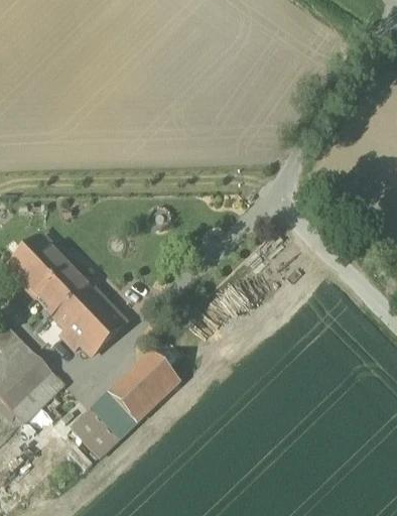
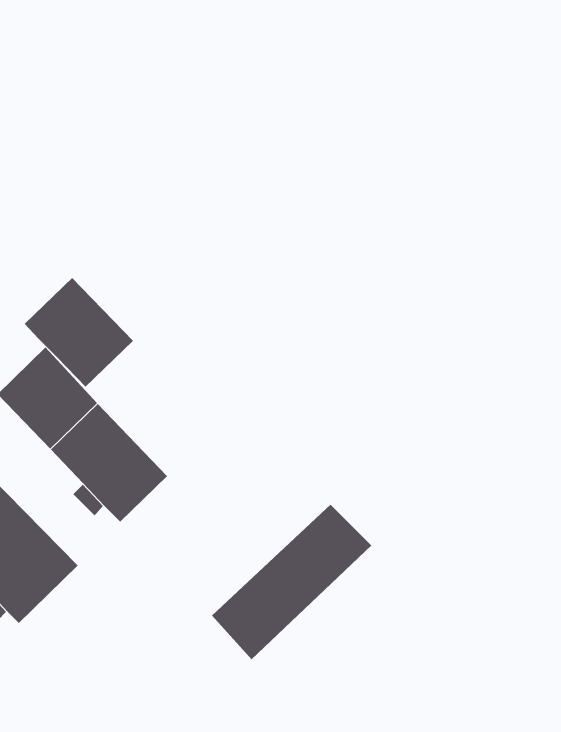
building: none -> [24,277,134,387]
building: [72,351,180,457] -> [211,504,372,660]

